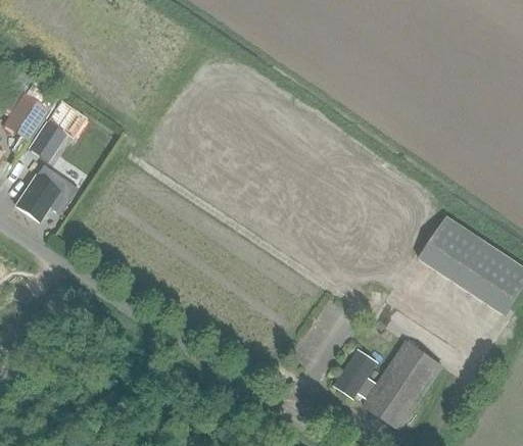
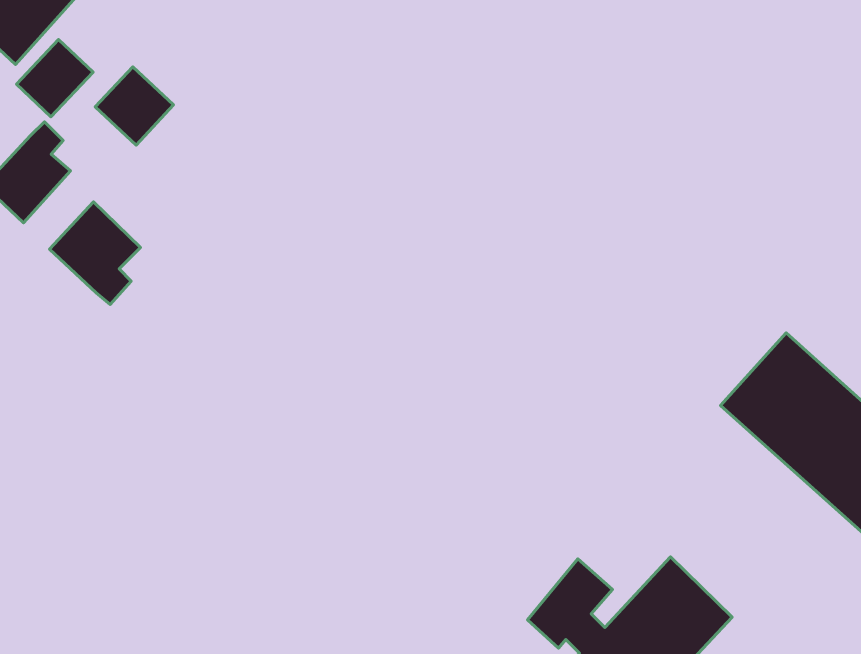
building: none -> [95,67,174,145]
building: none -> [50,202,140,305]

